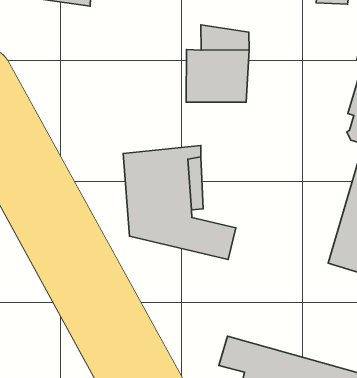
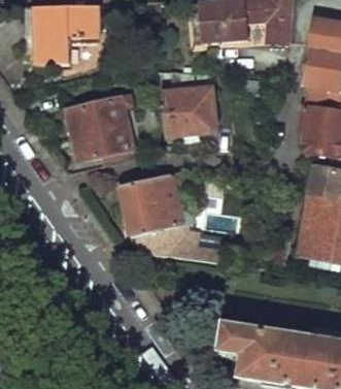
building: none -> [69,96,135,165]

